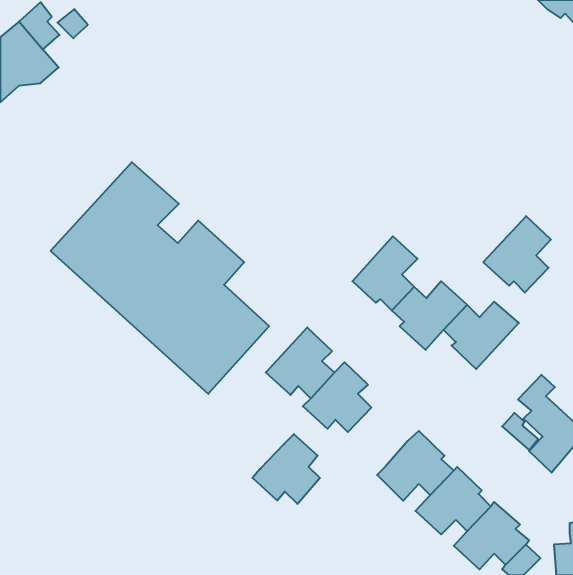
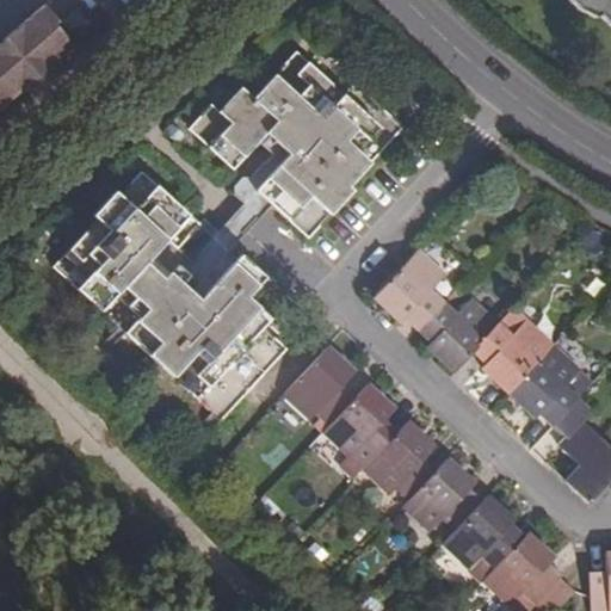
building: none -> [191,51,403,233]
building: [483,216,551,293] -> [507,342,579,424]
building: [252,434,320,504] -> [363,421,434,495]

